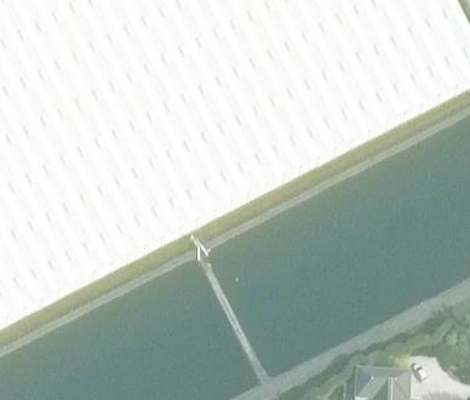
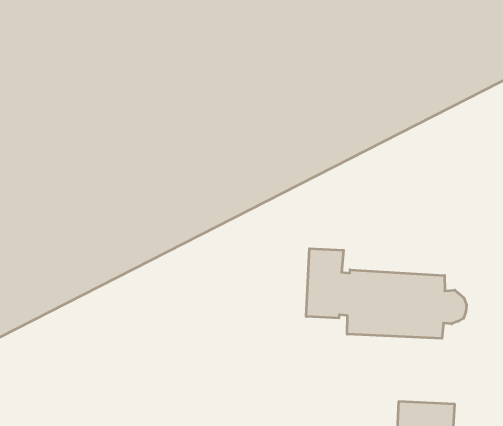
building: none -> [306,249,466,338]

